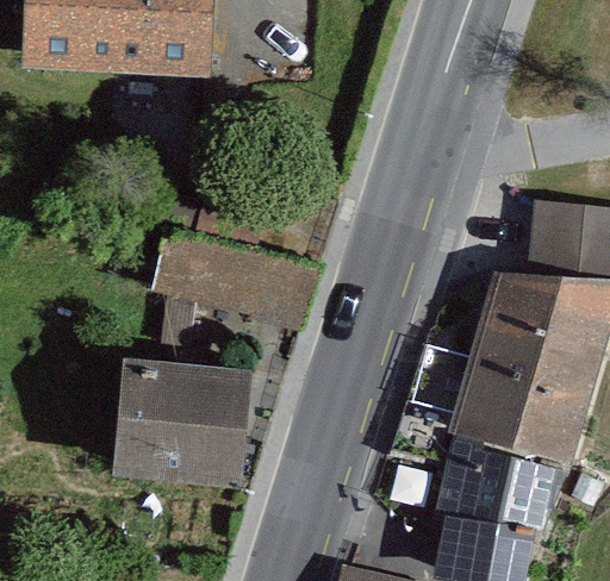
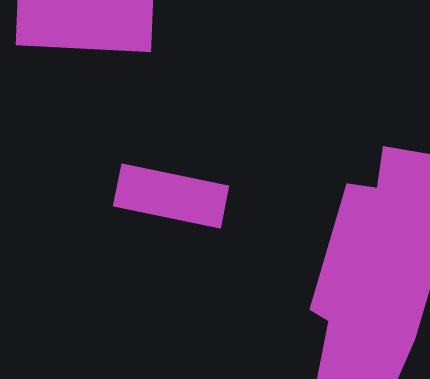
building: [89,358,239,488] -> none

